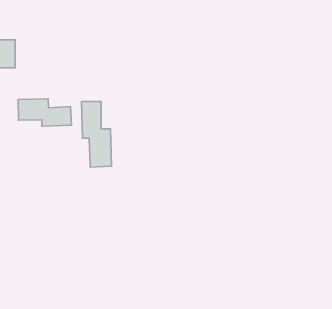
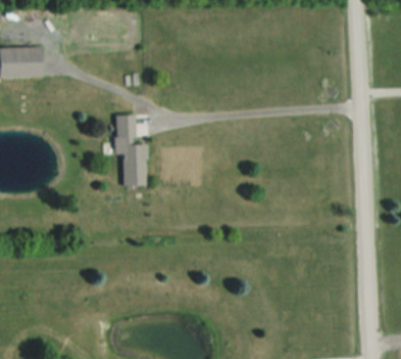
building: [18,99,71,126] -> none

